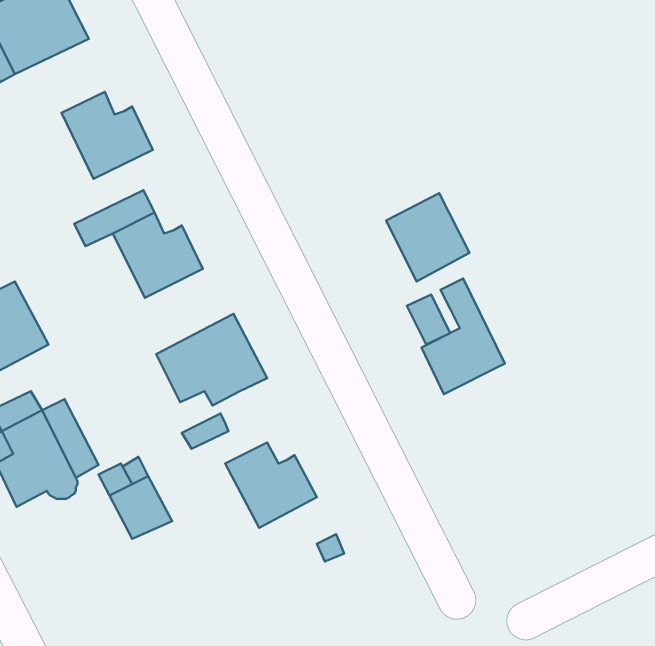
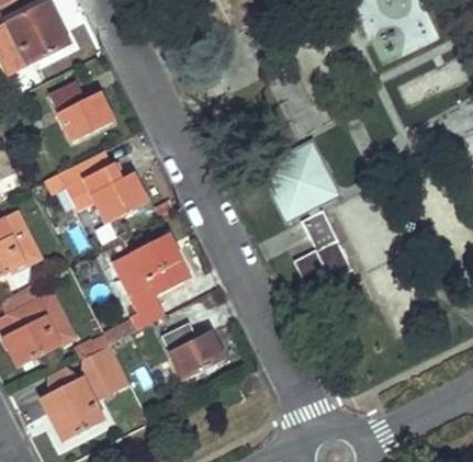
building: none -> [46,376,101,440]

